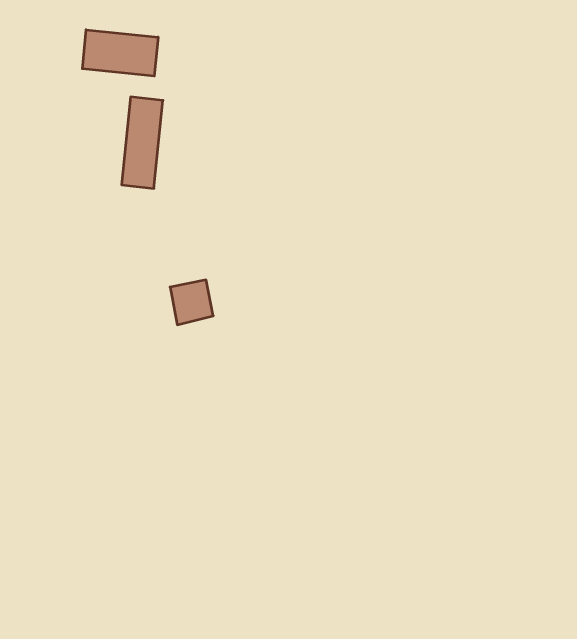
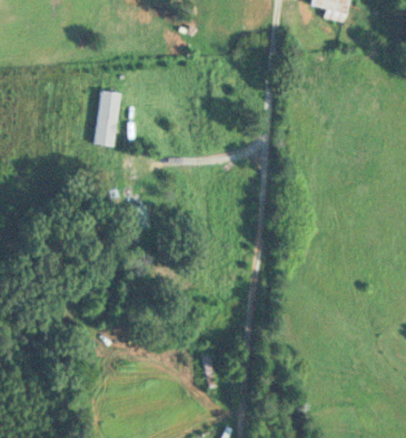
building: [82,30,158,76] -> none

